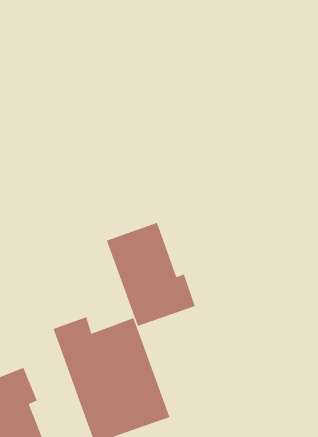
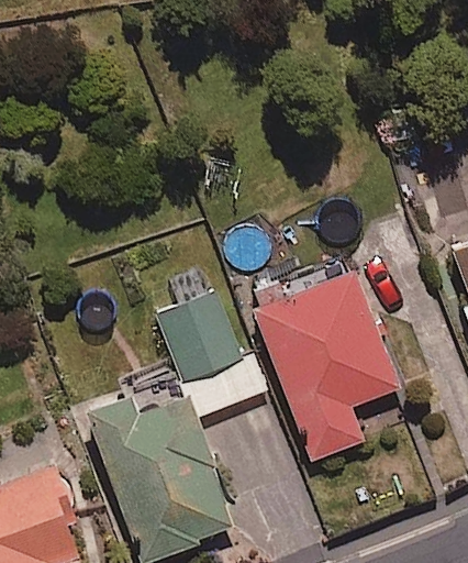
building: none -> [247,273,399,461]

